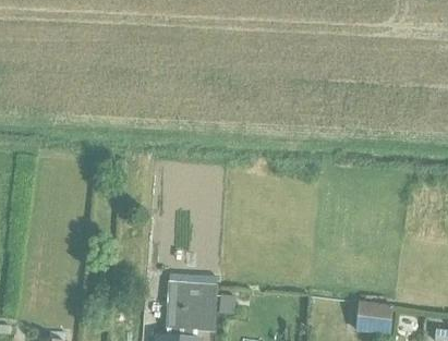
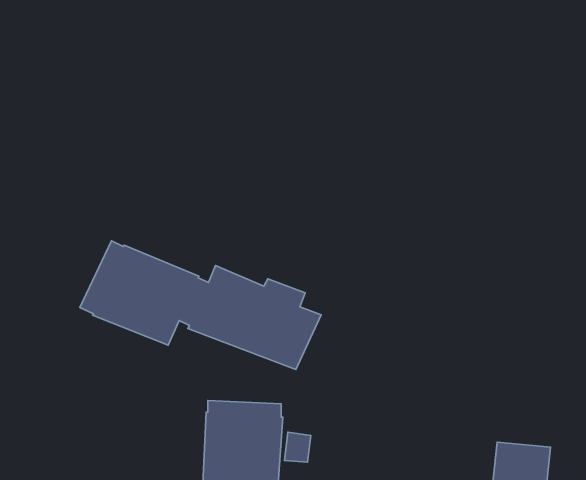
building: none -> [80,241,321,370]

